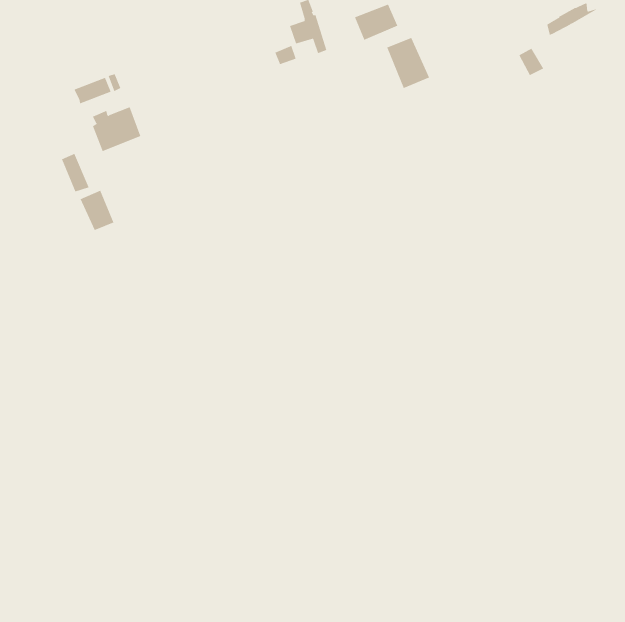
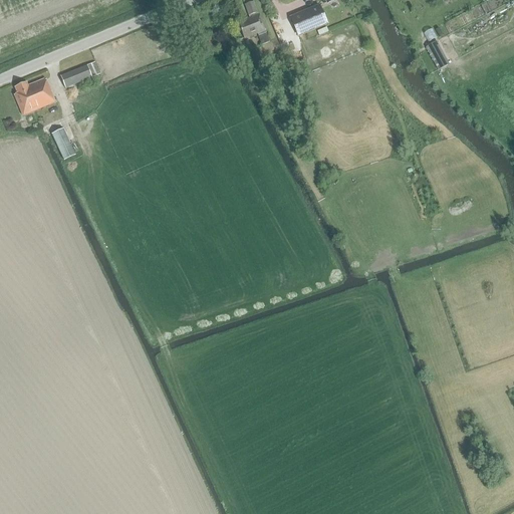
building: [386,37,430,89] -> none
building: [92,107,141,152] -> [15,76,55,113]
building: [80,190,114,231] -> none

